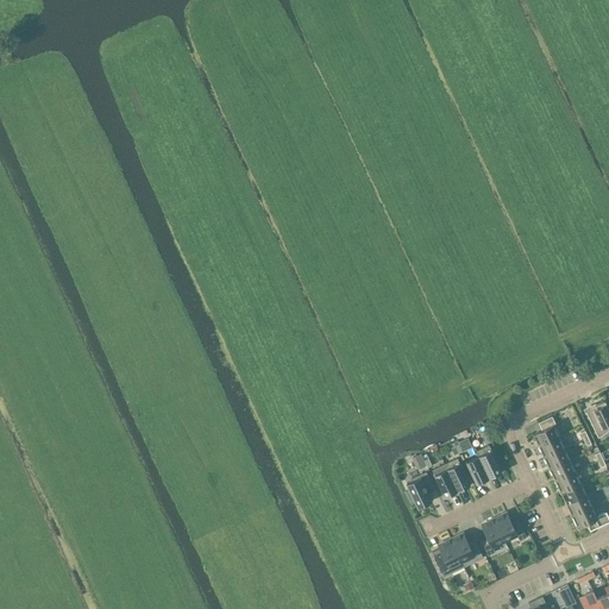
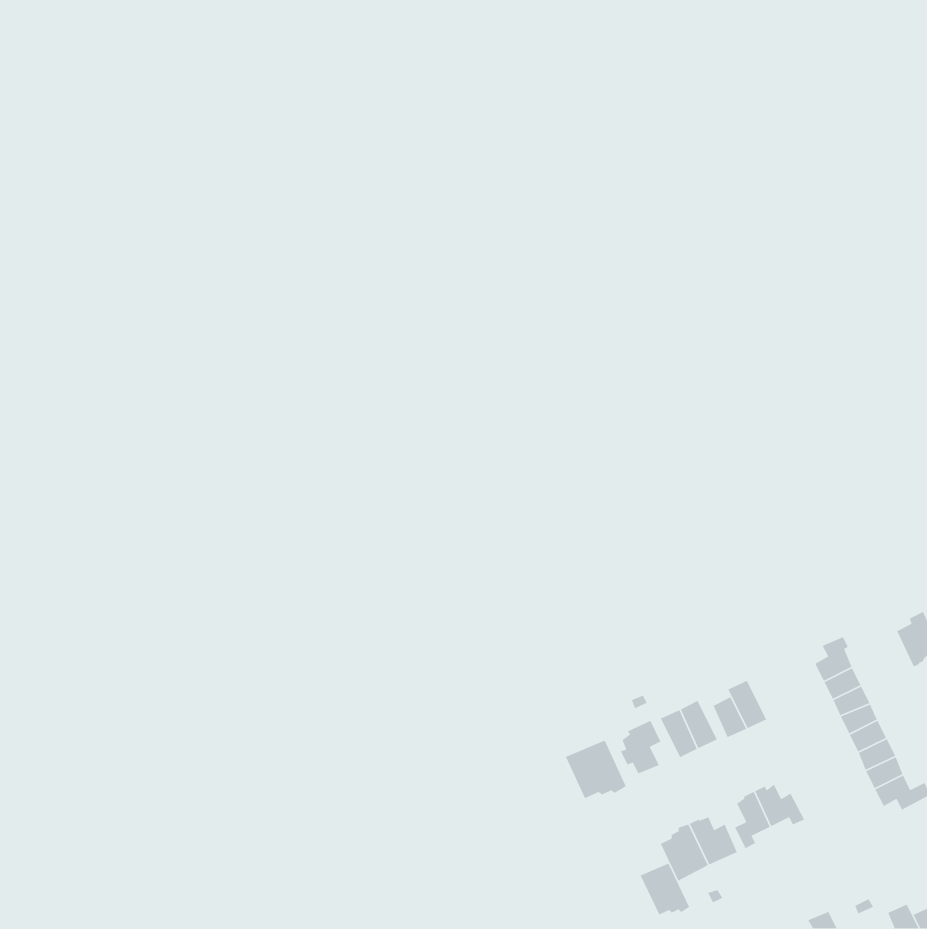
building: none -> [565,740,627,799]
building: none -> [640,863,690,915]

